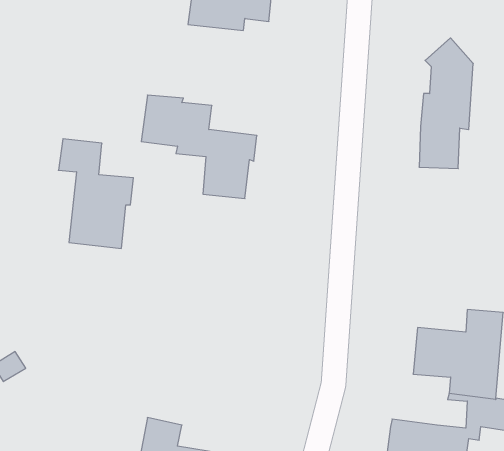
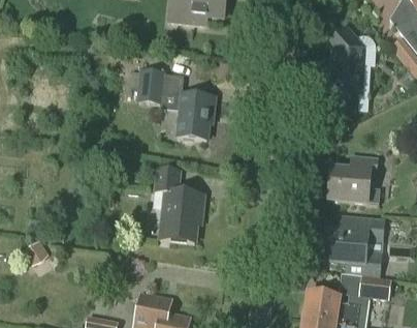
building: [58,139,133,248] -> [152,166,203,241]
building: none -> [327,153,379,204]

